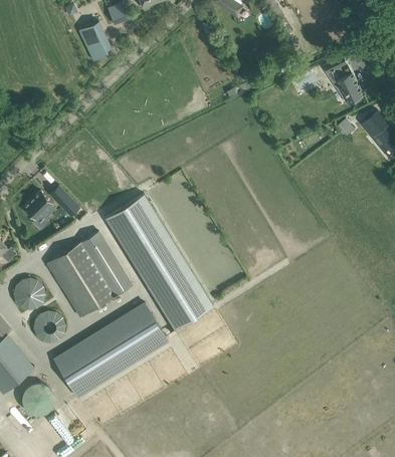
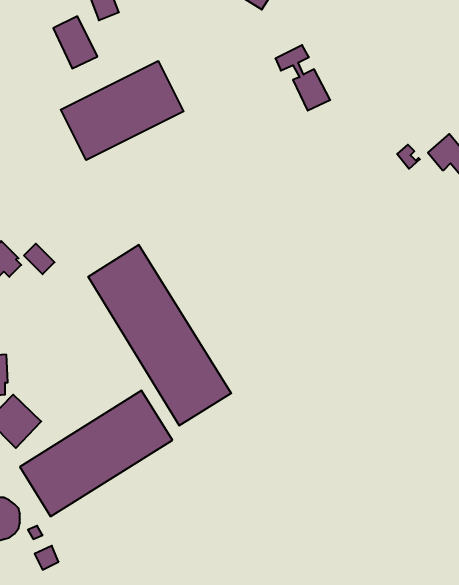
building: [324,54,365,103] -> [275,45,330,111]
building: none -> [61,61,184,160]
building: [47,232,132,317] -> none

